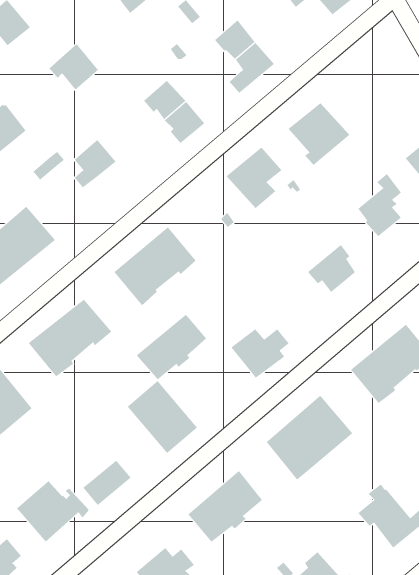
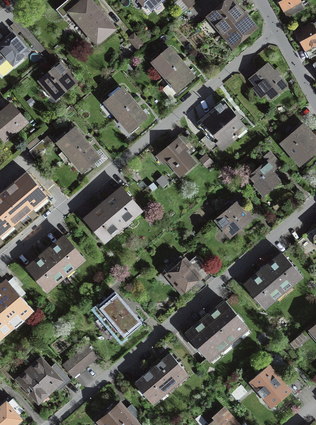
building: none -> [249,64,285,99]
building: none -> [71,143,98,171]
building: [136,314,207,380] -> none

